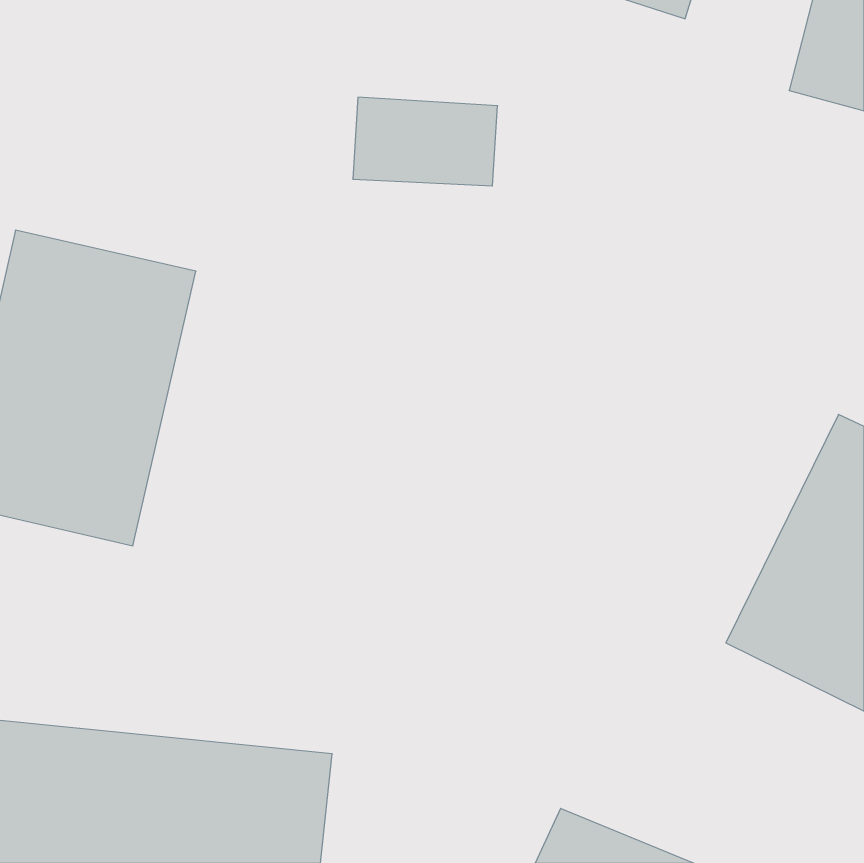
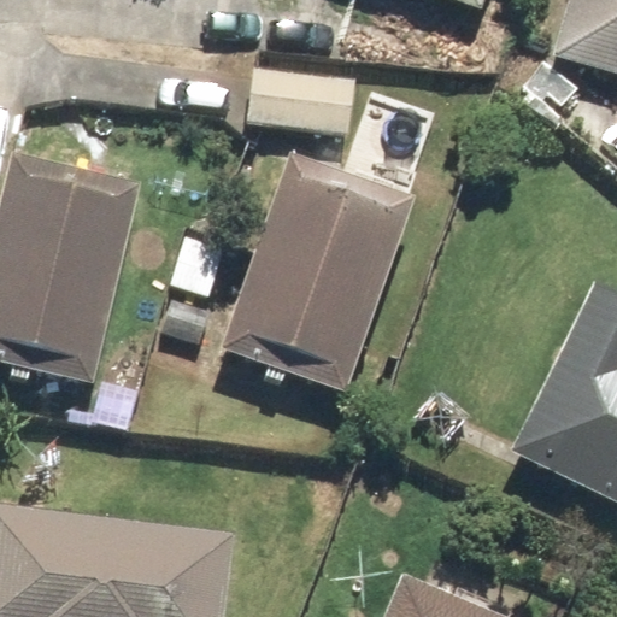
building: none -> [235,155,411,393]

